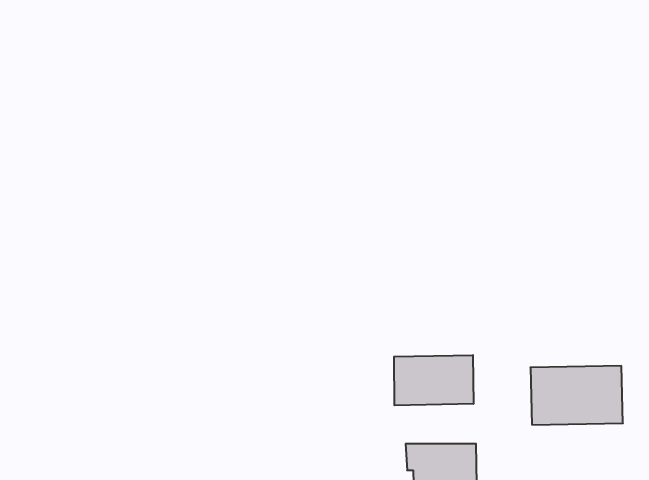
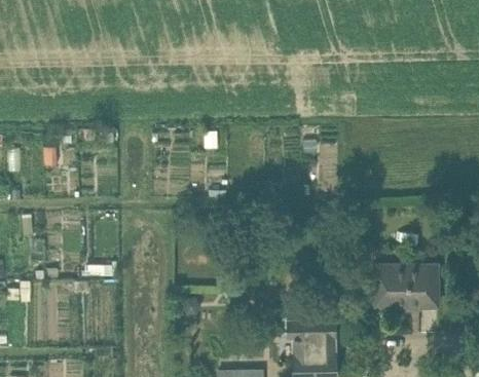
building: [394,355,473,405] -> none

